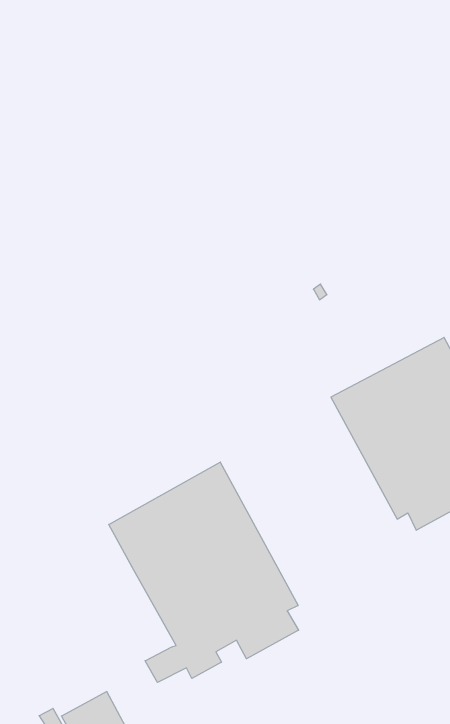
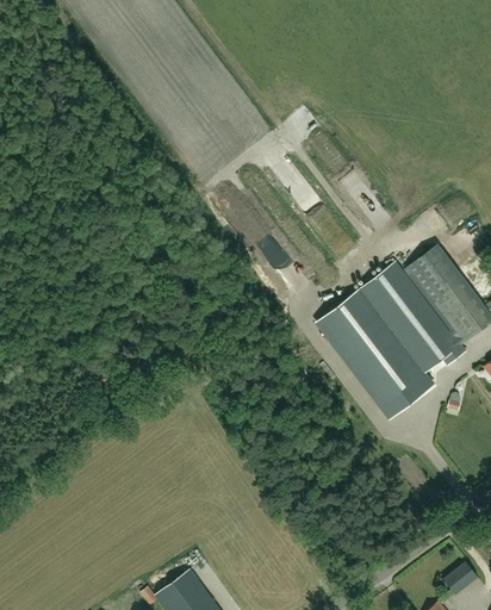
building: [109,462,299,682] -> none

